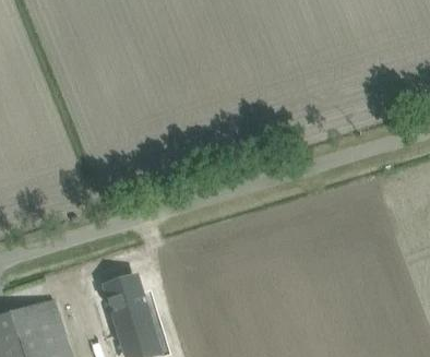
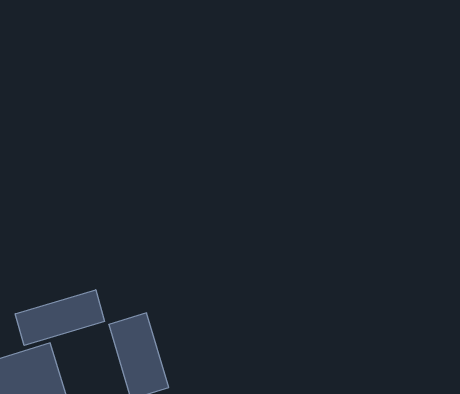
building: none -> [15,290,105,345]

